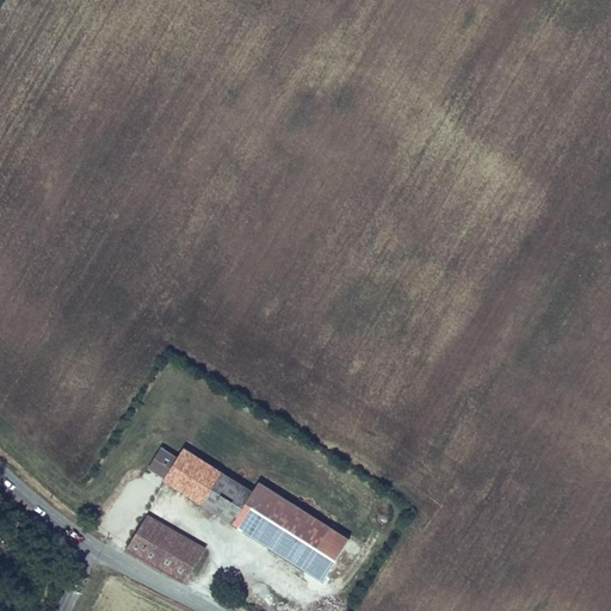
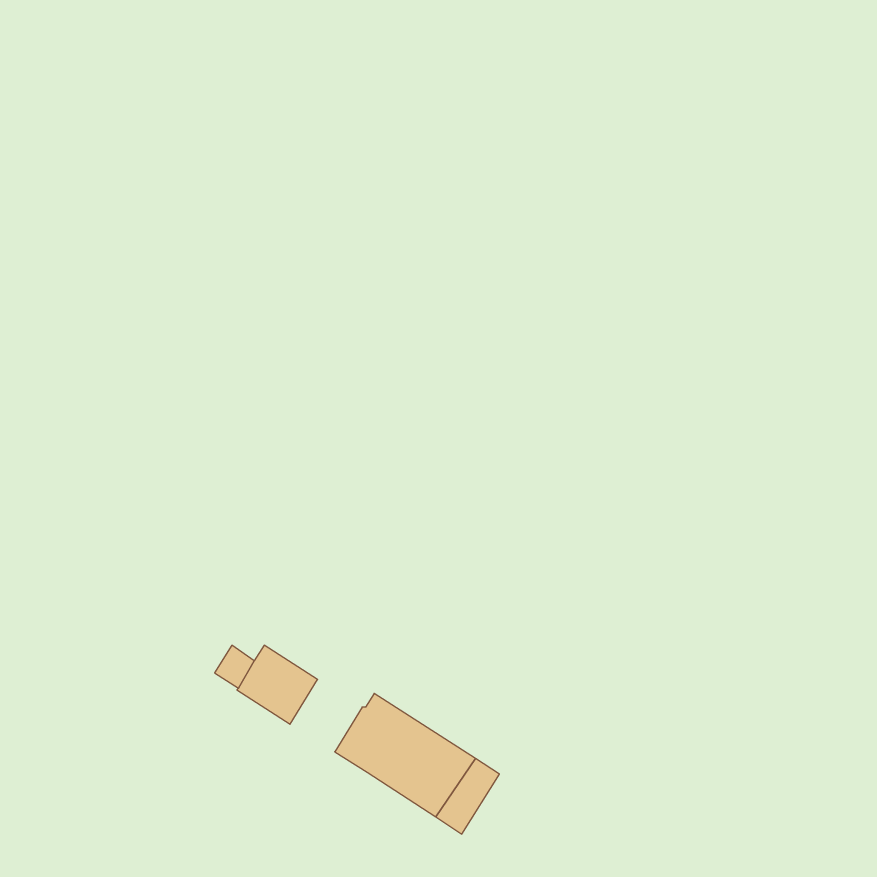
building: [202,473,252,523] -> none
building: [125,514,203,582] -> none

